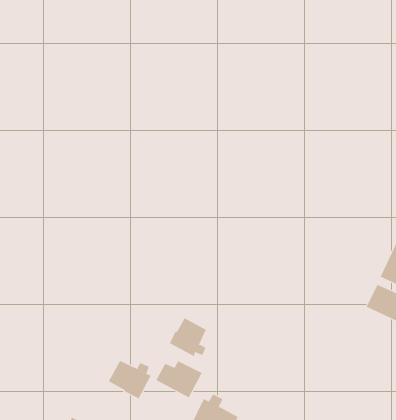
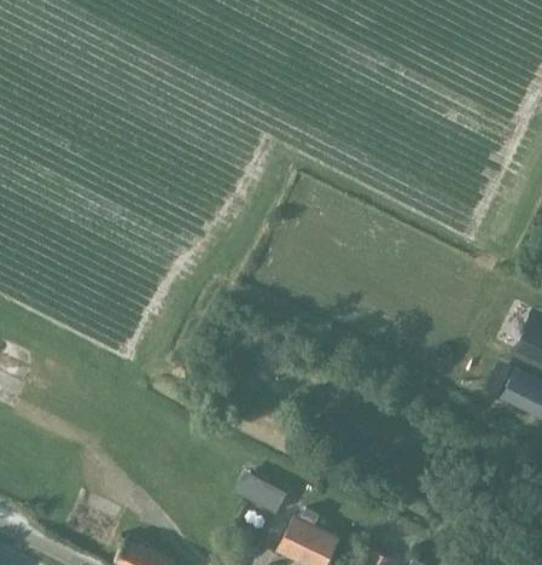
building: [169,317,207,357] -> none
building: [108,360,151,399] -> none

